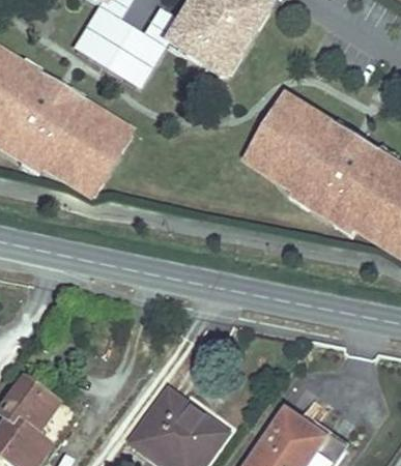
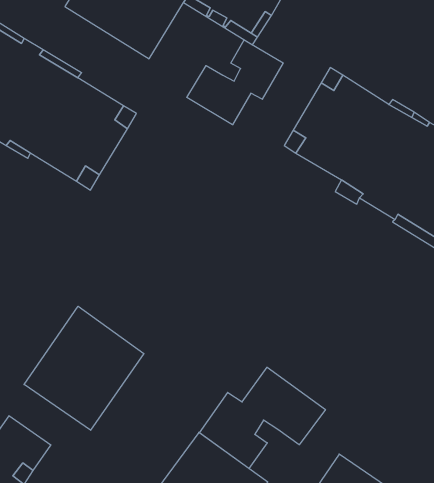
building: none -> [187,40,283,125]
building: none -> [24,306,144,430]
building: none -> [199,367,325,469]

